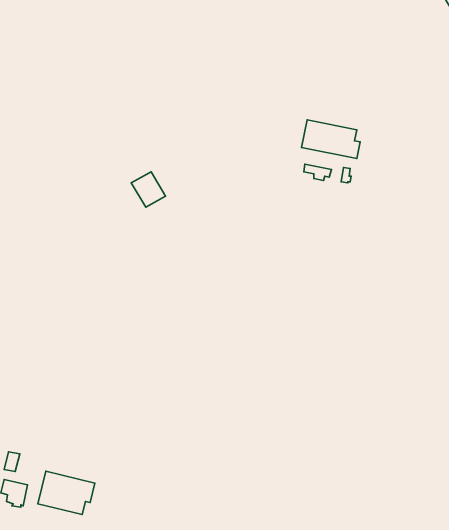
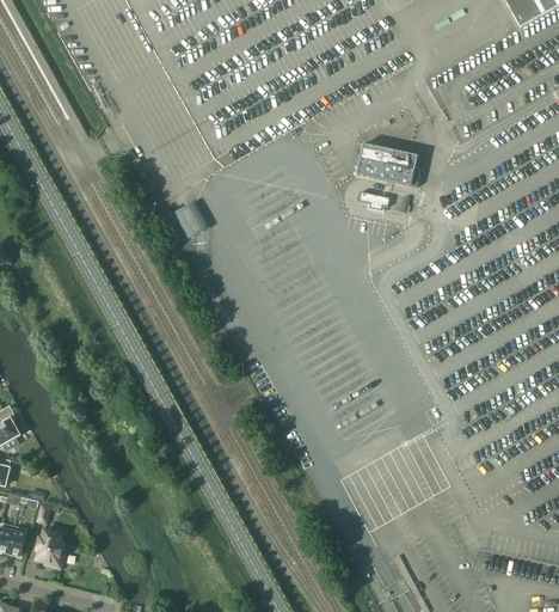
building: [38,471,95,514] -> none

